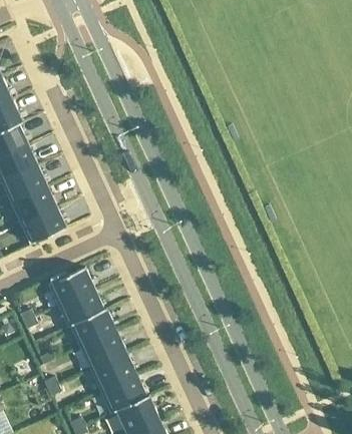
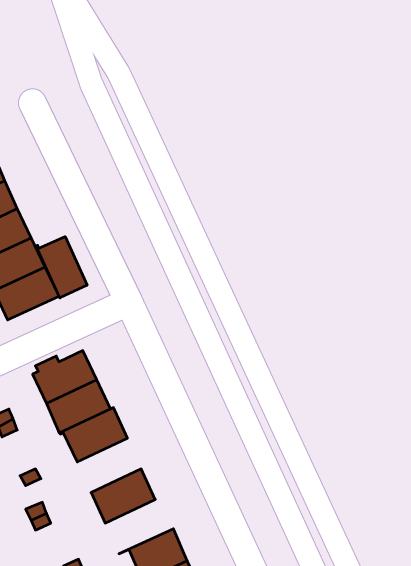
building: none -> [36,237,87,298]
building: [80,330,126,369] -> none
building: [100,374,149,413] -> none

